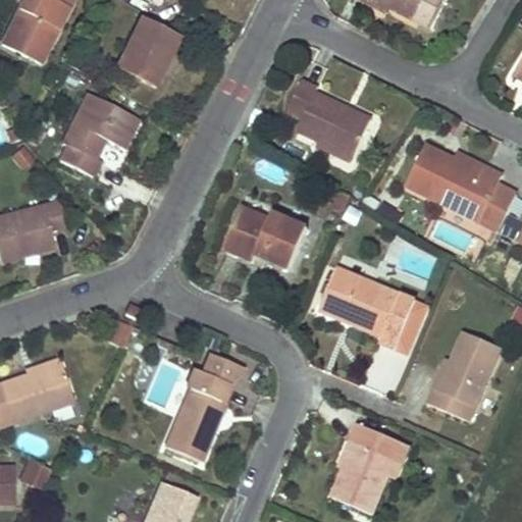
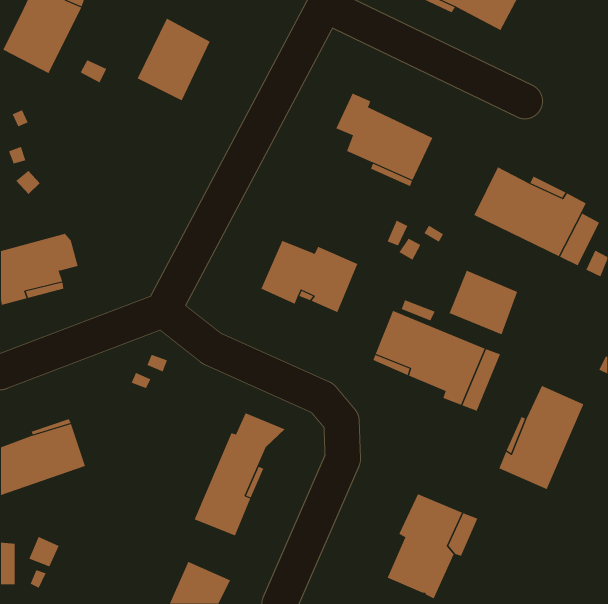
building: [60,92,139,175] -> none
building: none -> [449,270,518,335]

